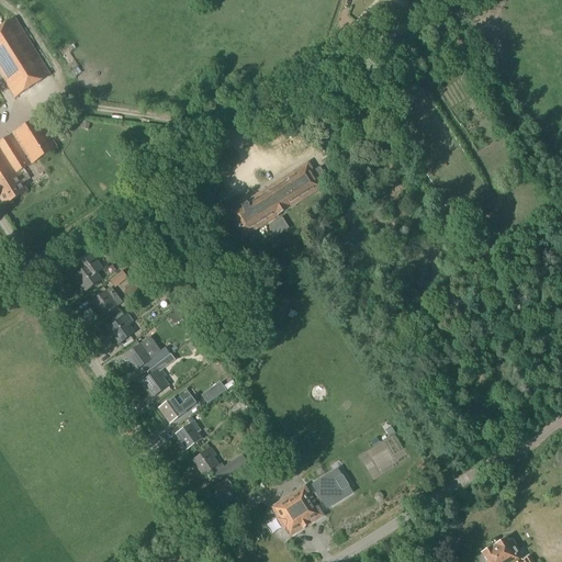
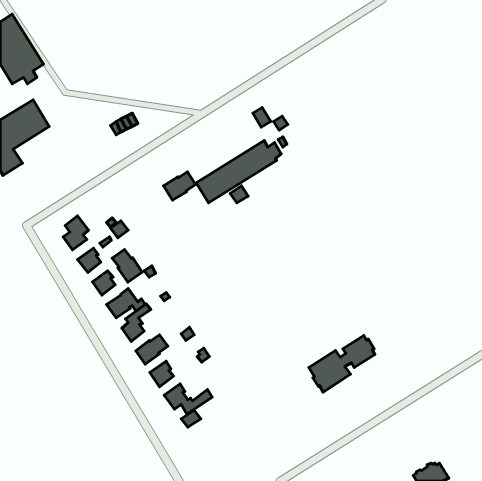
building: none -> [163,172,195,200]
building: none -> [112,249,142,282]
building: [273,470,350,536] -> [309,335,375,392]

